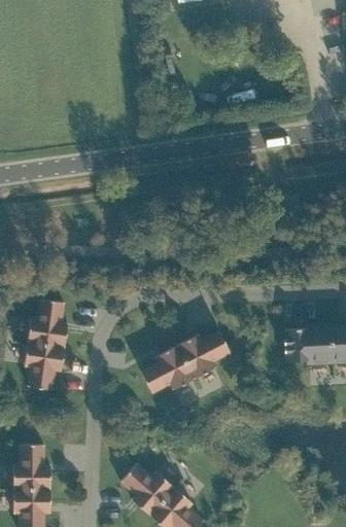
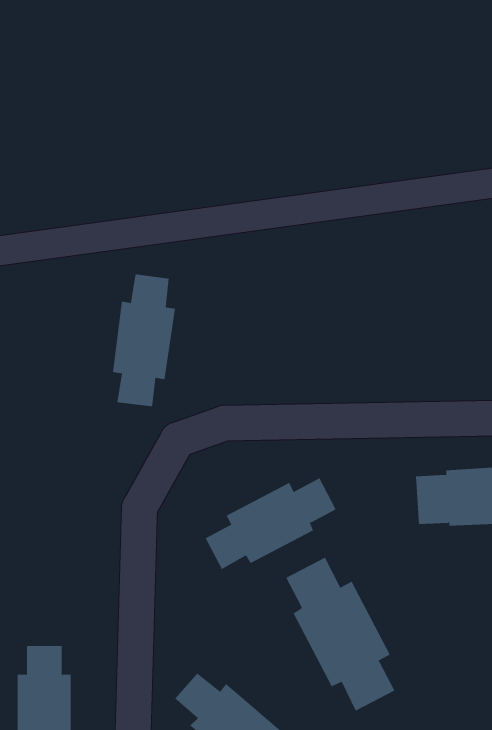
building: [24,298,67,389] -> [112,274,176,407]
building: none -> [286,557,395,712]

